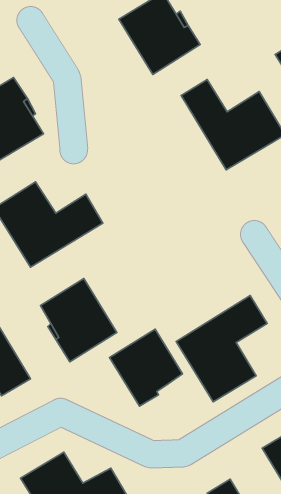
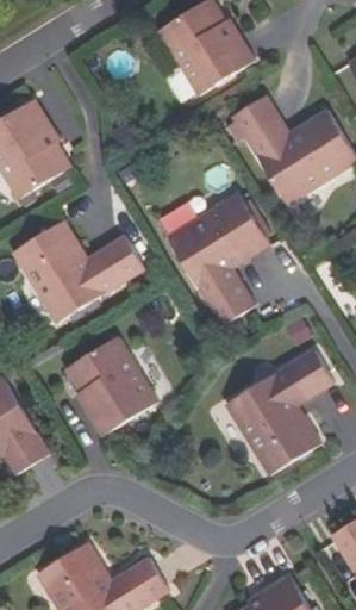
building: none -> [168,197,270,326]
building: [110,329,182,406] -> none

